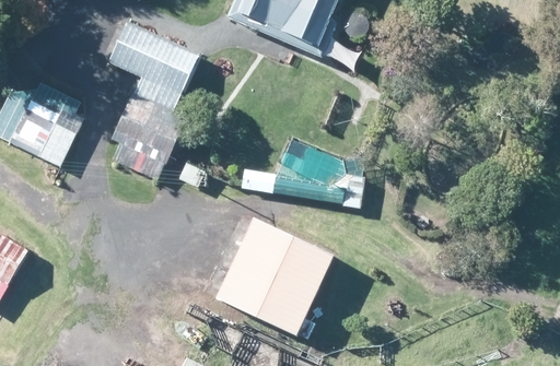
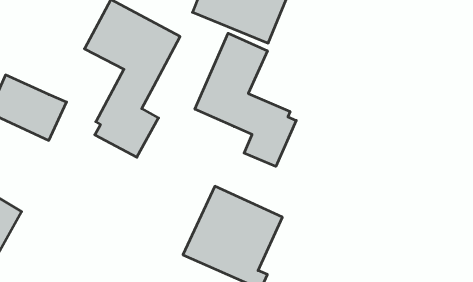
building: none -> [195,33,296,166]

